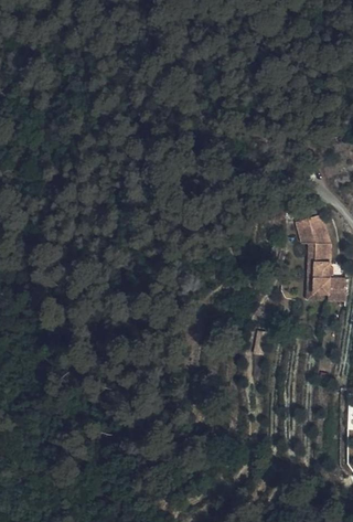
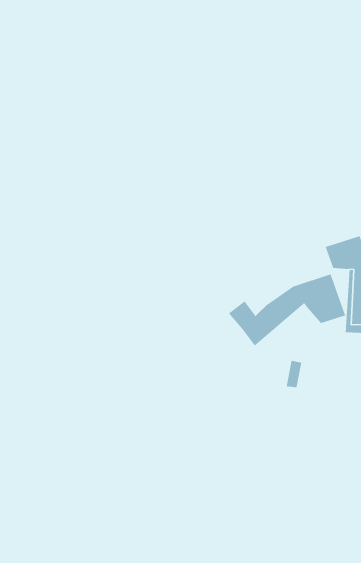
building: none -> [228,273,346,347]

